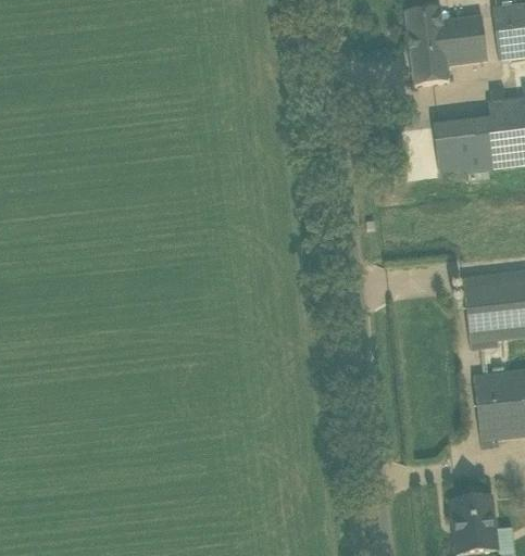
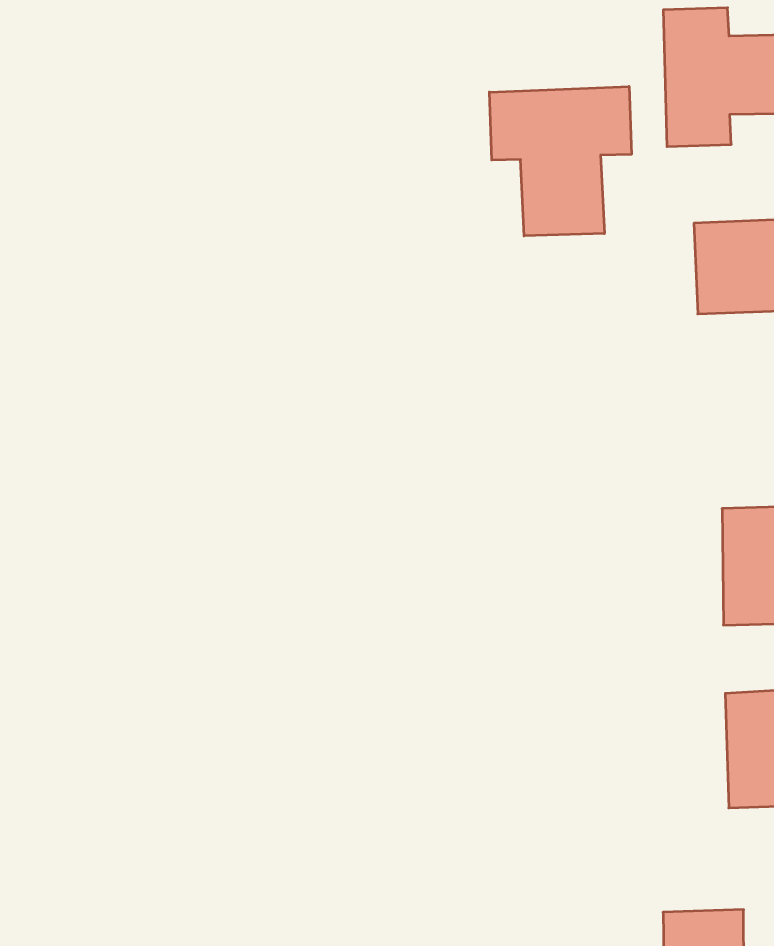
building: none -> [489,86,631,236]

